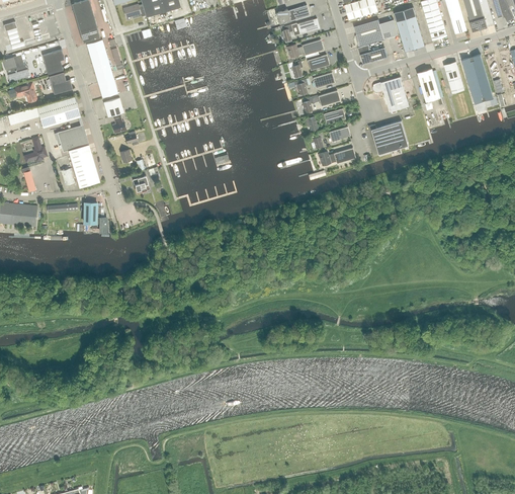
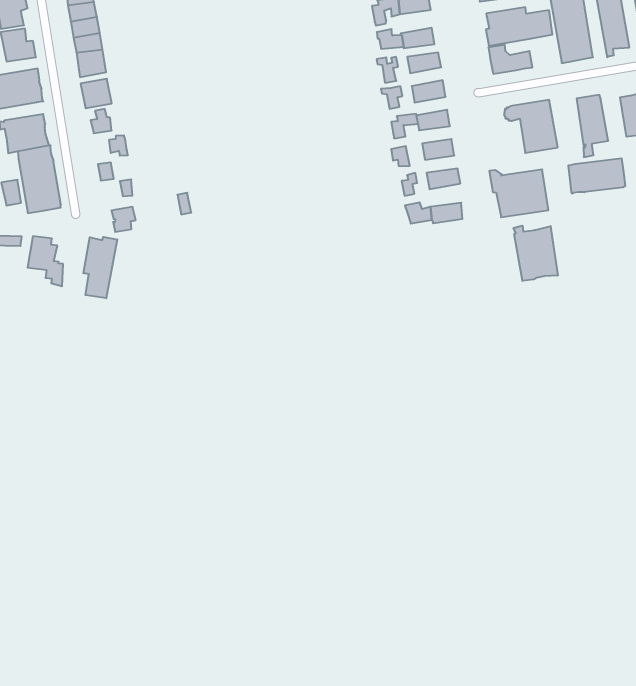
building: none -> [568,158,625,194]
building: none -> [514,226,558,281]
building: none -> [83,237,117,298]

